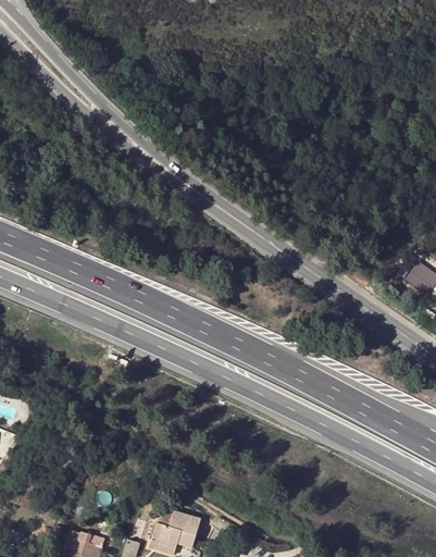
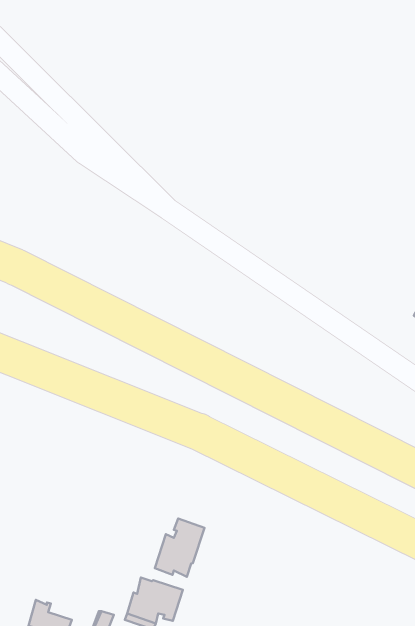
building: none -> [155,519,204,577]

